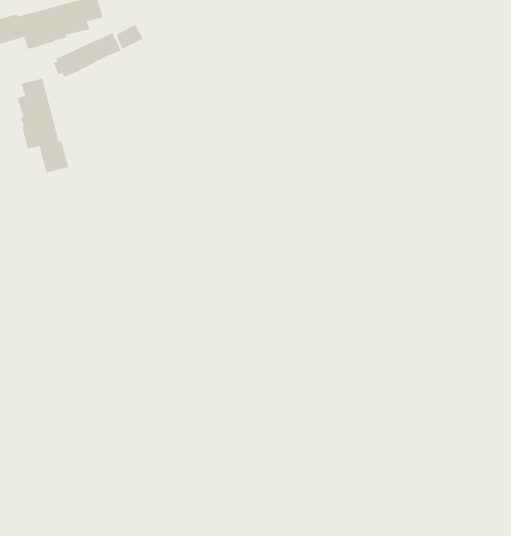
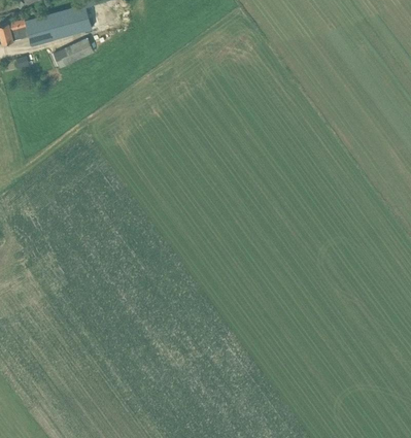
building: [17,78,69,174] -> none

